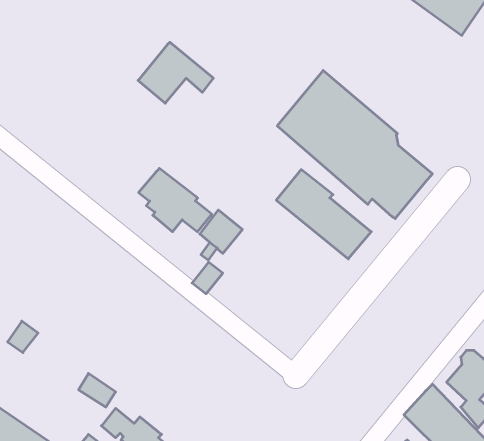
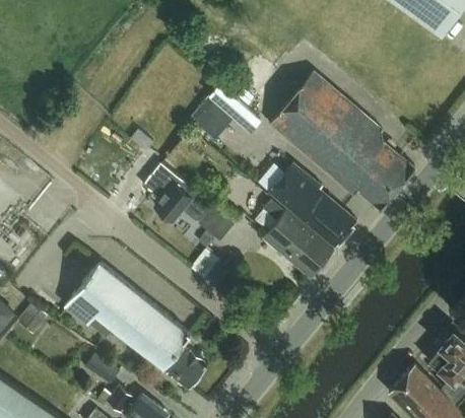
building: [138,42,213,103] -> [191,85,261,142]
building: none -> [264,199,334,277]
building: none -> [64,263,207,388]

